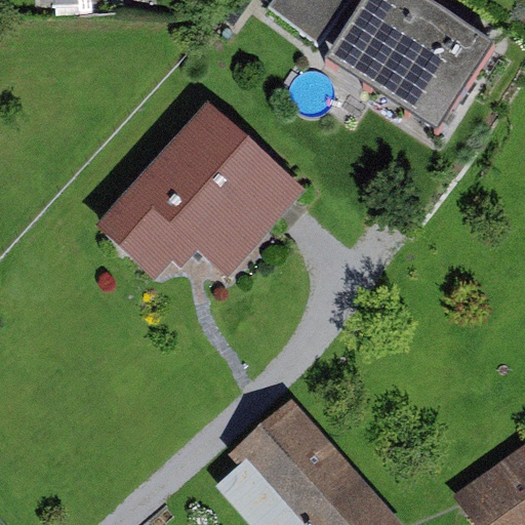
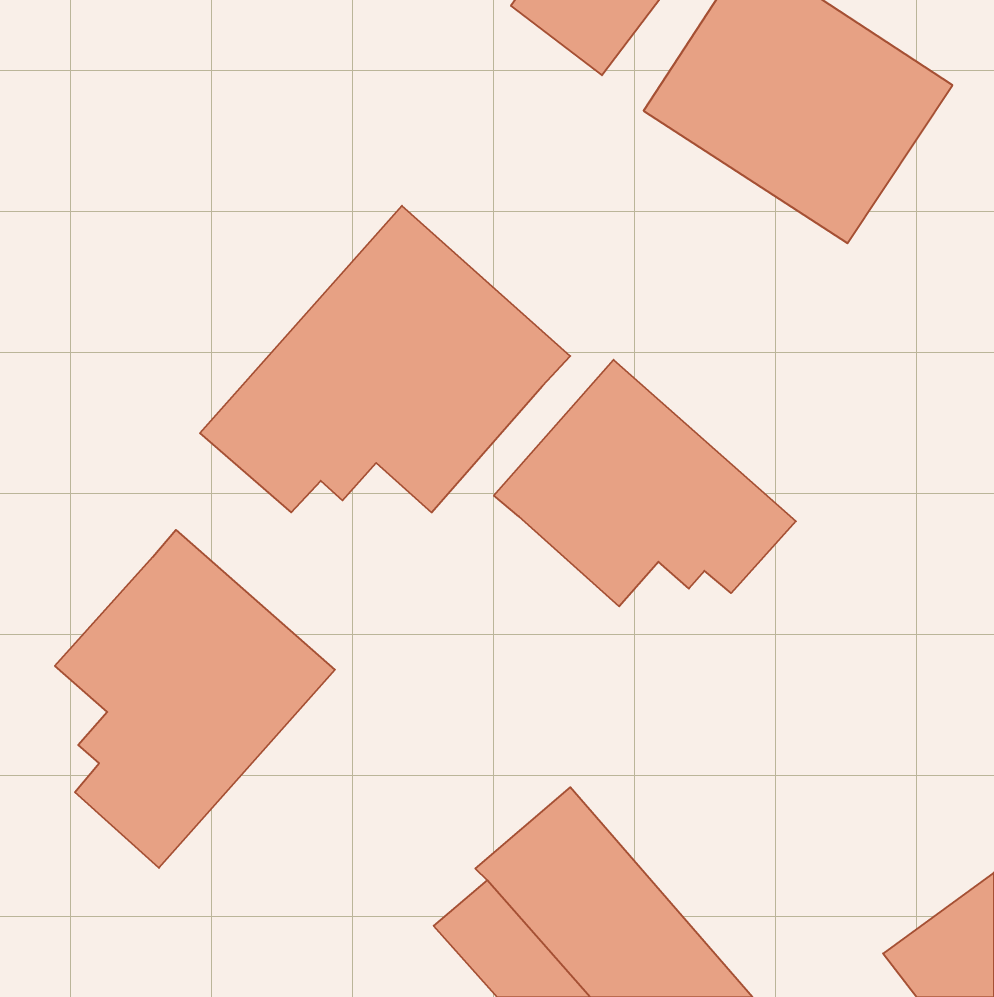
building: none -> [494,360,796,606]
building: none -> [55,530,335,868]

